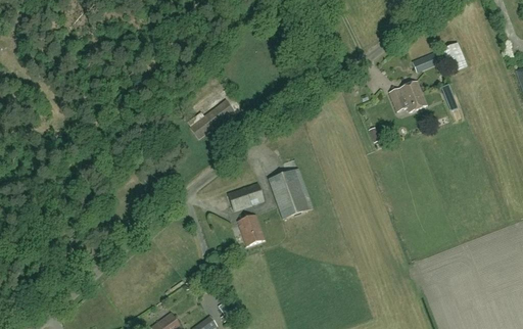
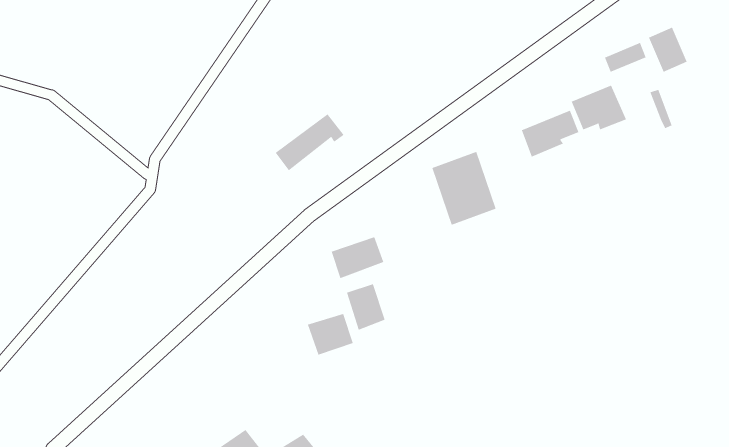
building: none -> [521,110,579,157]
building: [268,169,312,219] -> [431,151,497,225]
building: none -> [307,313,354,355]

